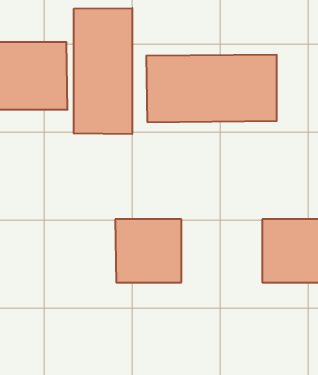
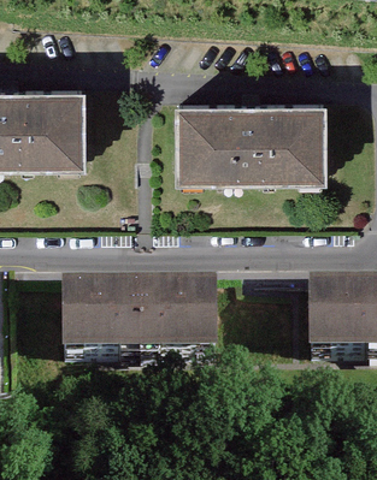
building: [74,8,132,134] -> none
building: none -> [60,291,140,366]

